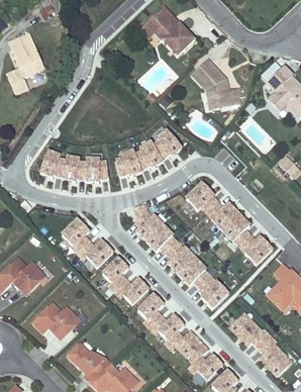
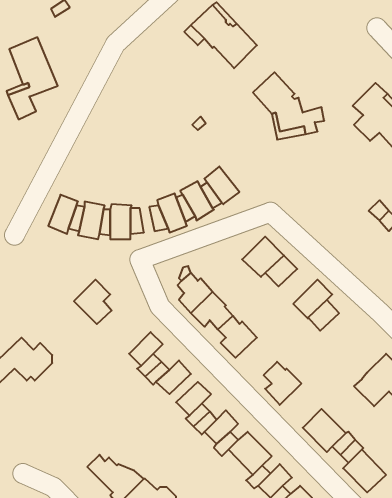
building: [210,202,240,232] -> none
building: [75,236,108,263] -> none
building: [242,236,274,267] -> none
building: [179,258,210,286] -> none
building: [33,302,77,335] -> none

